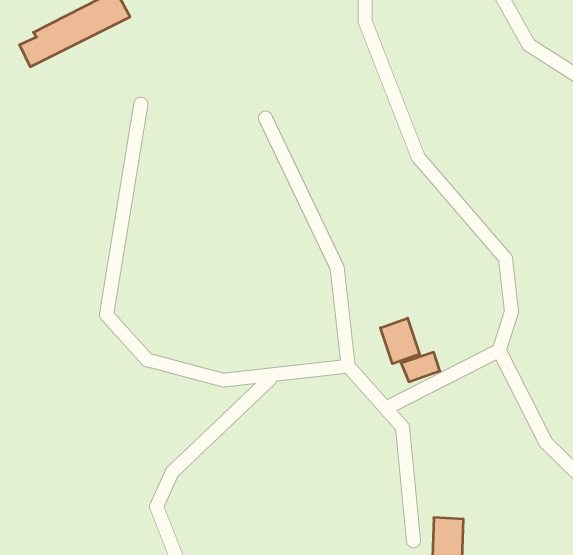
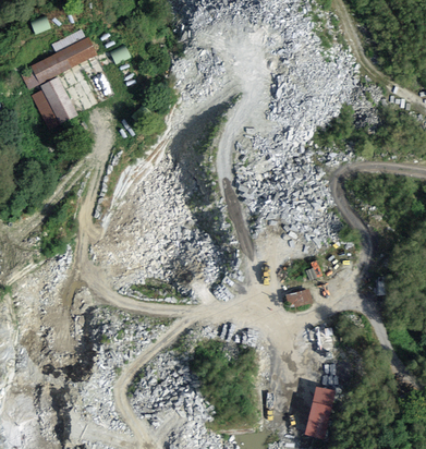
building: none -> [32,75,78,129]
building: [380,318,420,364] -> none

